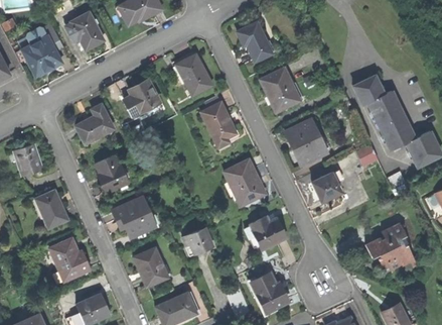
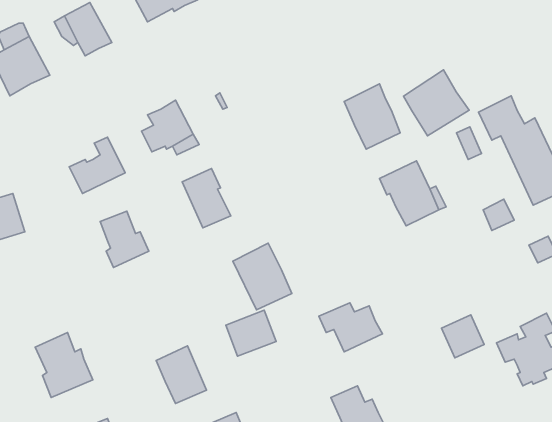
building: [239,22,273,61] -> none
building: [177,53,211,96] -> none
building: none -> [403,70,469,136]
building: [201,103,235,143] -> [182,169,231,228]
building: [225,159,265,205] -> [233,243,292,310]
building: [312,174,341,203] -> [441,315,484,358]
building: [37,189,68,225] -> none
building: [111,197,155,237] -> none

